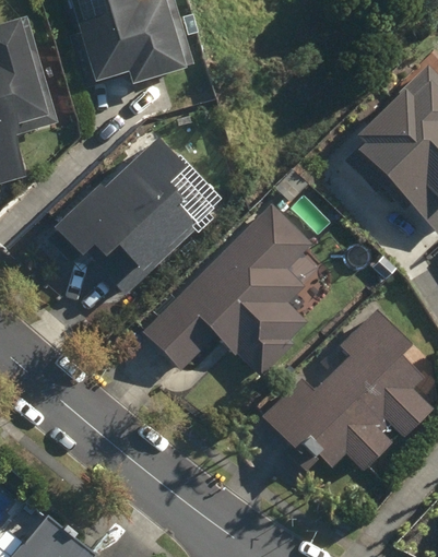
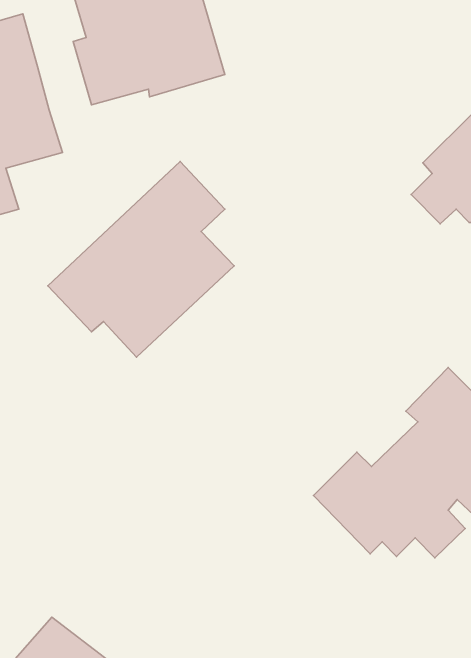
building: [144,204,311,368] -> none

